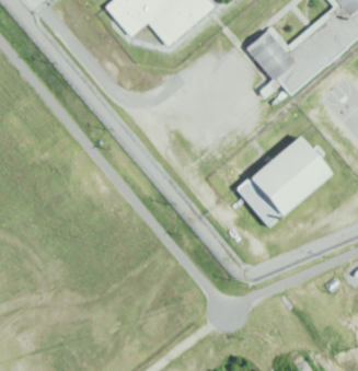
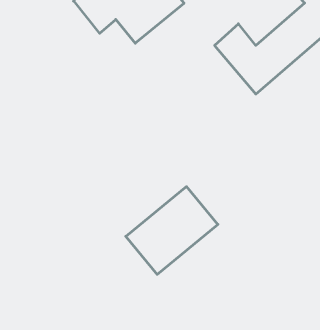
building: [235,137,328,225] -> [126,187,218,274]

